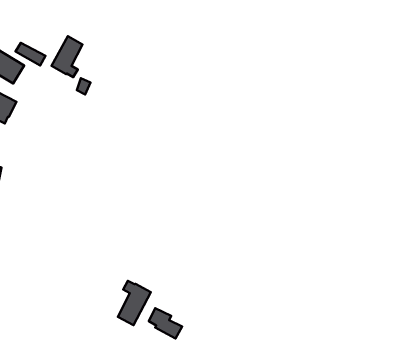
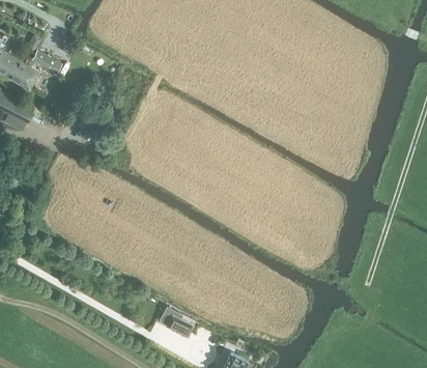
building: [51,36,83,77] -> none
building: [118,281,151,325] -> none

